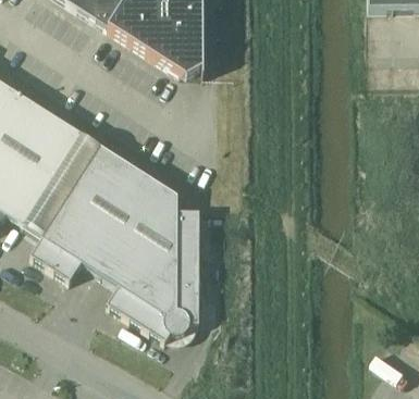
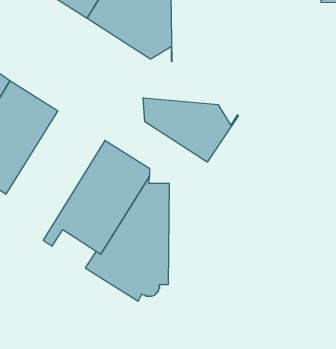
building: none -> [143,98,238,162]
building: [16,128,126,272] -> none

